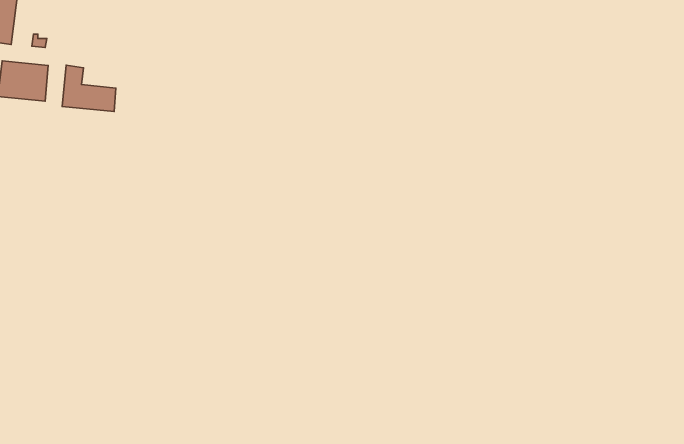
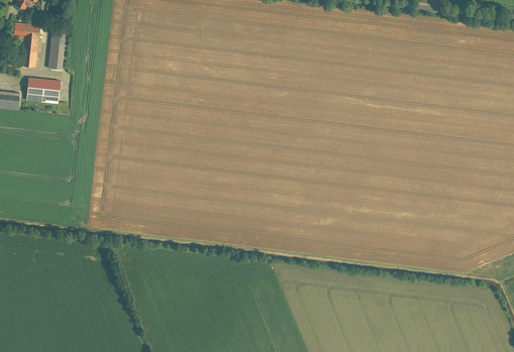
building: [62,65,116,111] -> none

